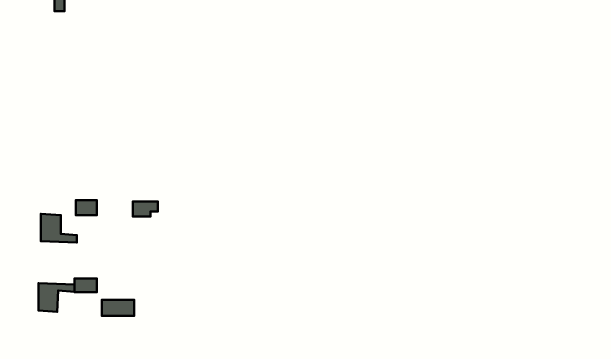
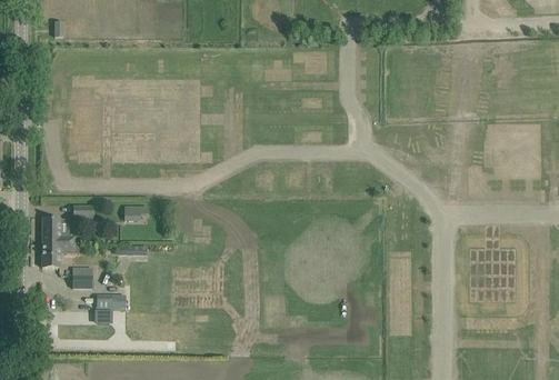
building: [38,283,74,312] -> [41,241,73,267]

